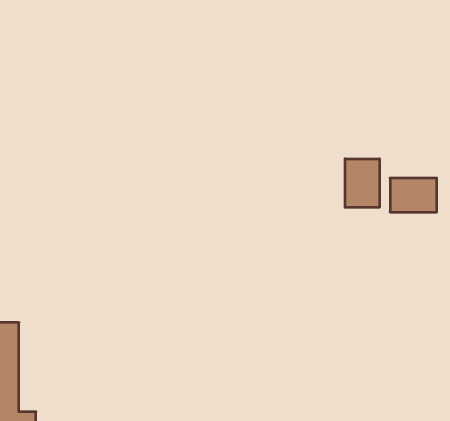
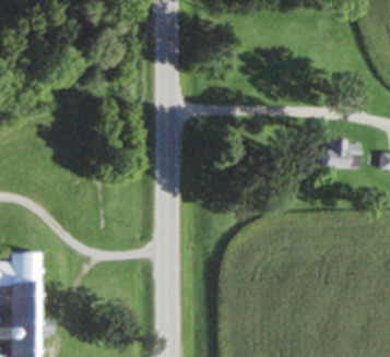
building: [345,159,379,207] -> none

